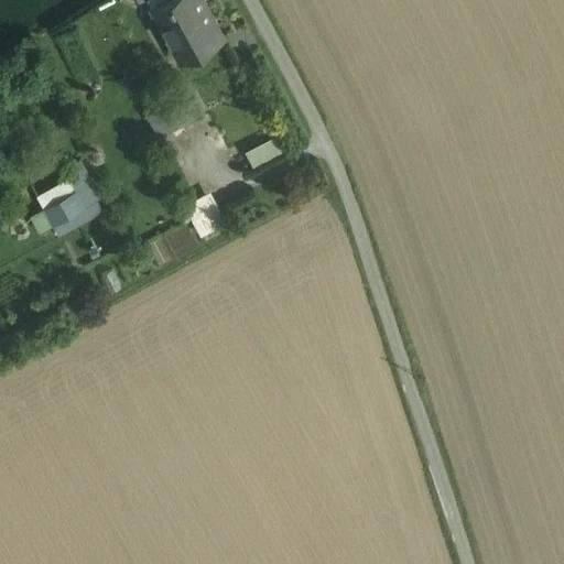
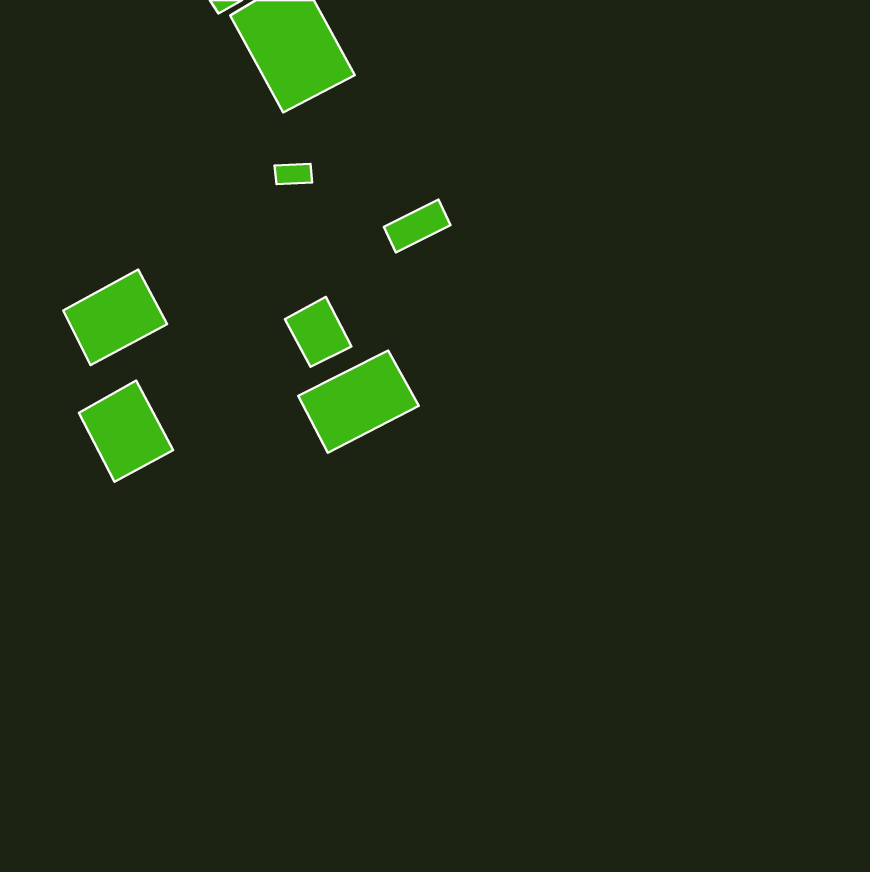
building: none -> [298,350,419,453]
building: none -> [79,381,173,482]

